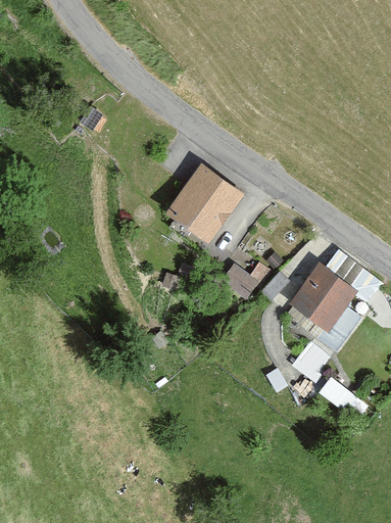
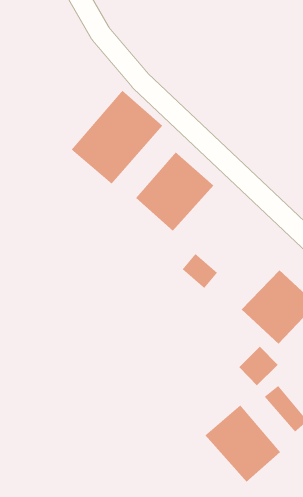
building: none -> [71,90,163,184]
building: none -> [205,405,281,483]

